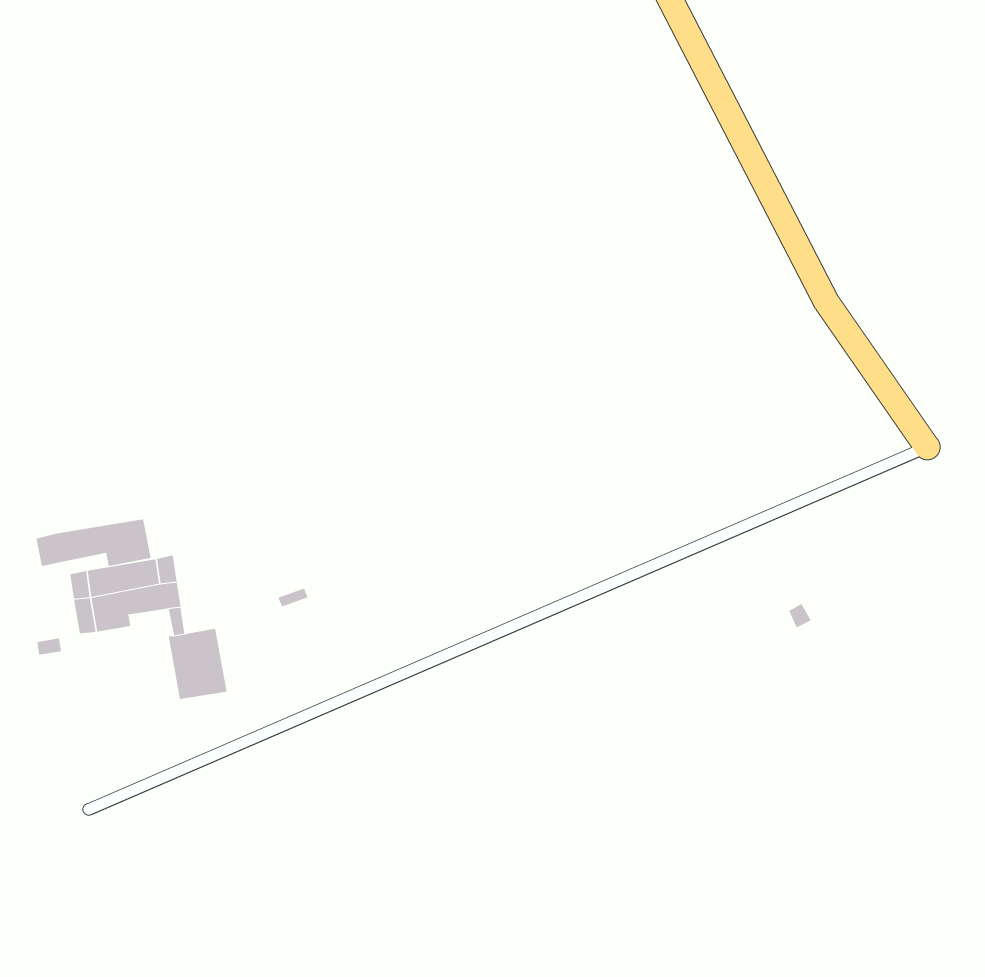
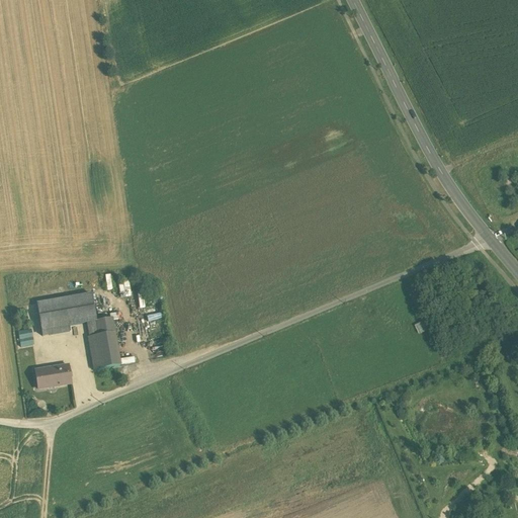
building: [36,519,151,567] -> none
building: none -> [34,363,71,385]

